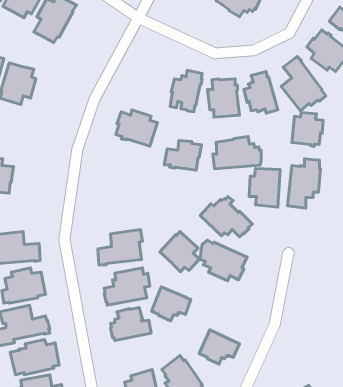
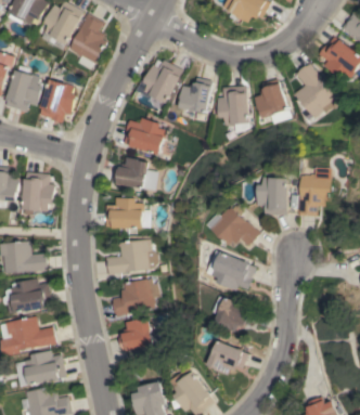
building: none -> [67,12,105,63]
building: none -> [142,60,181,103]
building: none -> [38,79,75,122]
building: [292,112,323,147] -> none
building: [213,137,261,169] -> none
building: [164,140,201,170] -> [110,157,147,187]
building: none -> [21,170,53,215]
building: none -> [104,197,142,229]
building: [160,231,199,272] -> none
building: [151,287,191,321] -> [216,297,256,332]

